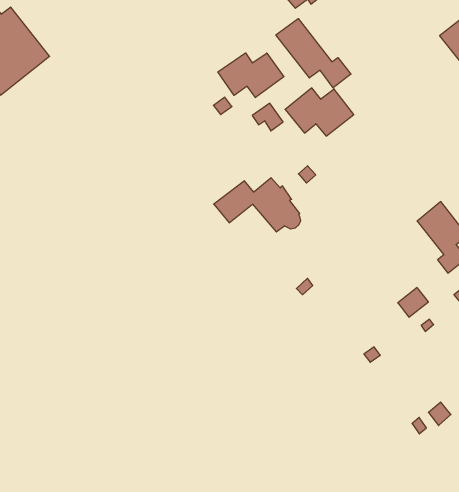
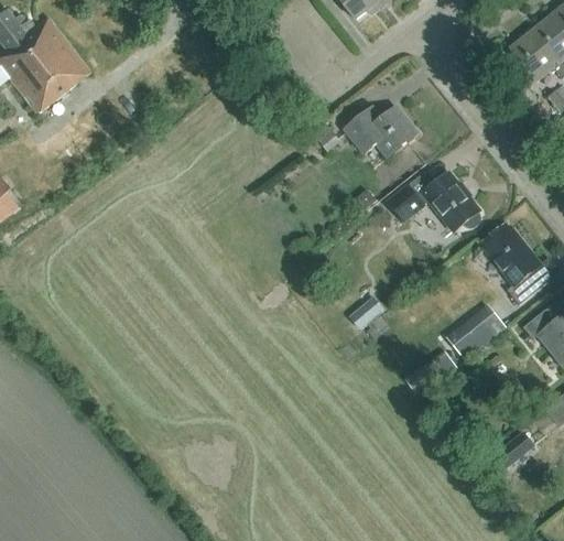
building: [276,19,351,88] -> none
building: [218,53,284,98] -> none
building: [214,178,301,232] -> [386,173,479,231]

